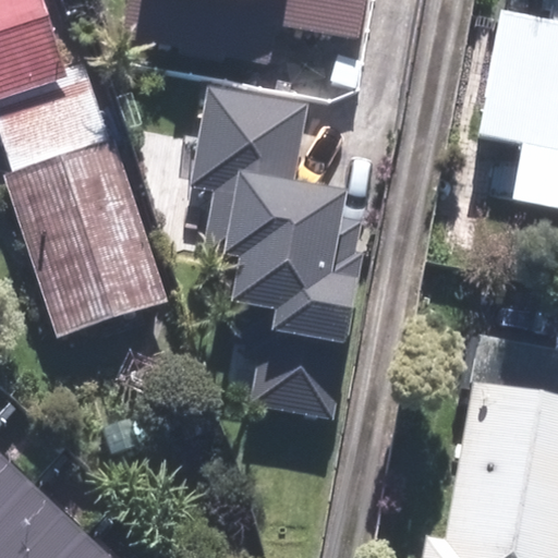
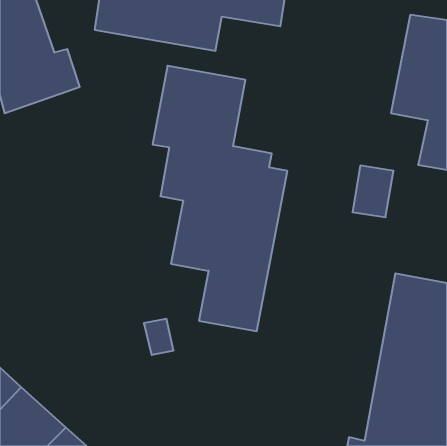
building: [5,108,172,342] -> none

